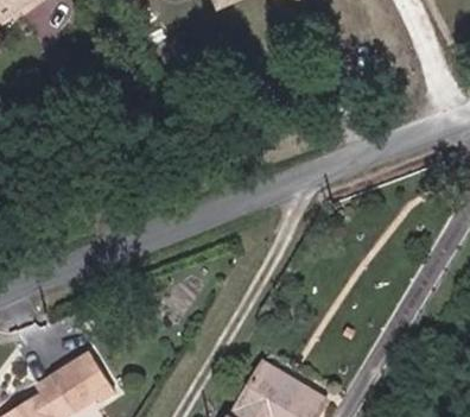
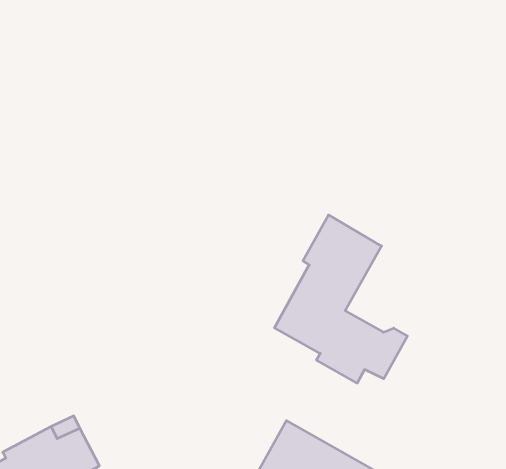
building: none -> [275,215,407,383]

